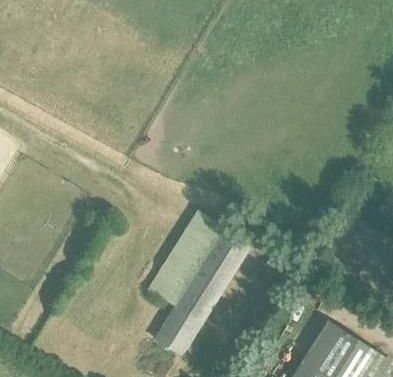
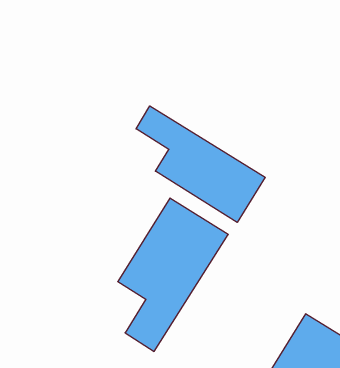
building: none -> [136,106,265,222]

